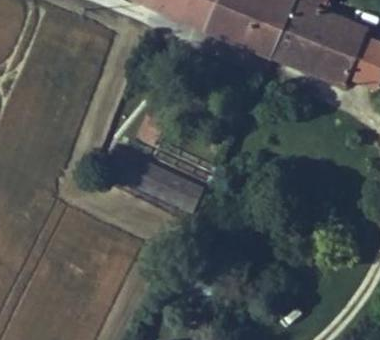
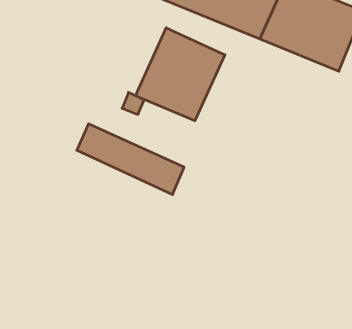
building: none -> [136,28,225,121]

